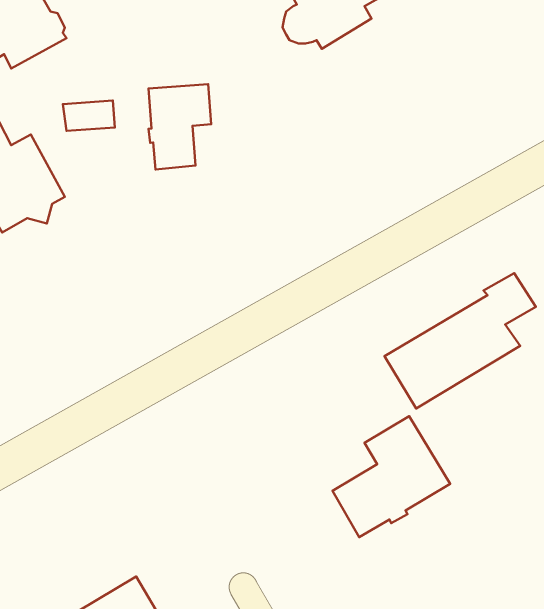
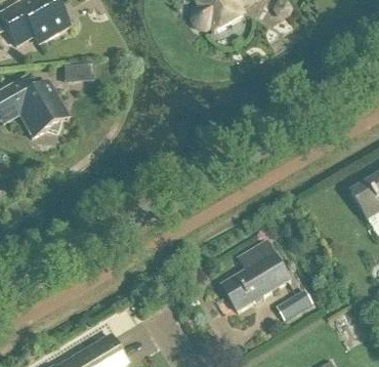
building: [149,84,211,169] -> none
building: [385,273,536,409] -> none
building: none -> [277,288,313,319]

